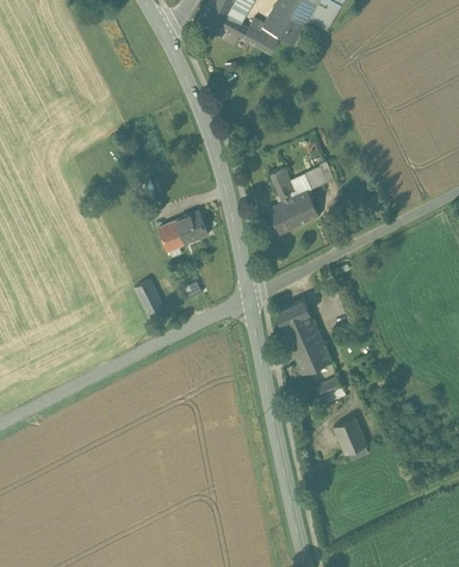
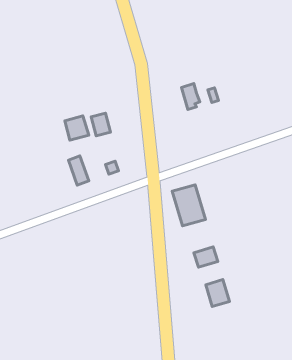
building: [269,190,320,233] -> none
building: [176,210,210,244] -> [65,116,89,140]
building: [287,341,331,377] -> none

